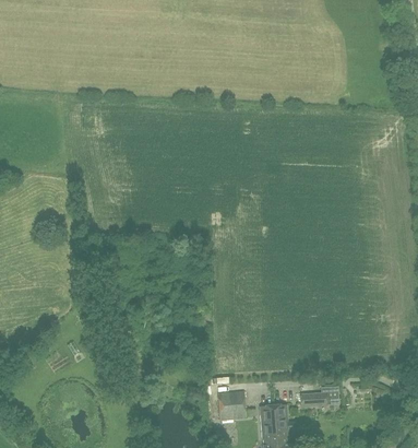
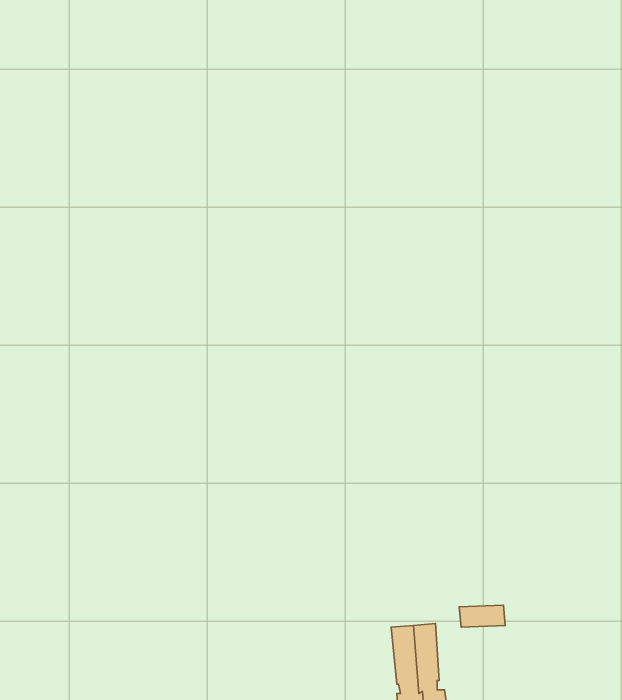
building: [216,389,244,417] -> none

